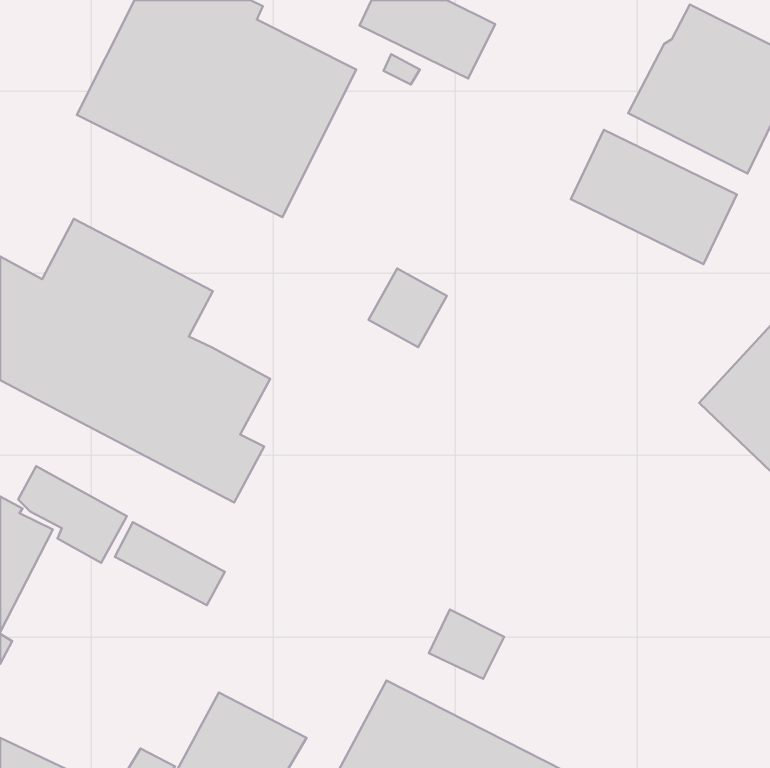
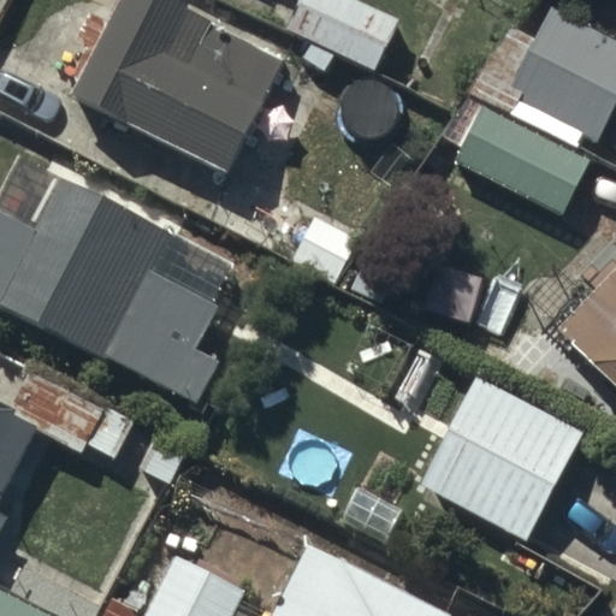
building: none -> [421,378,581,538]

